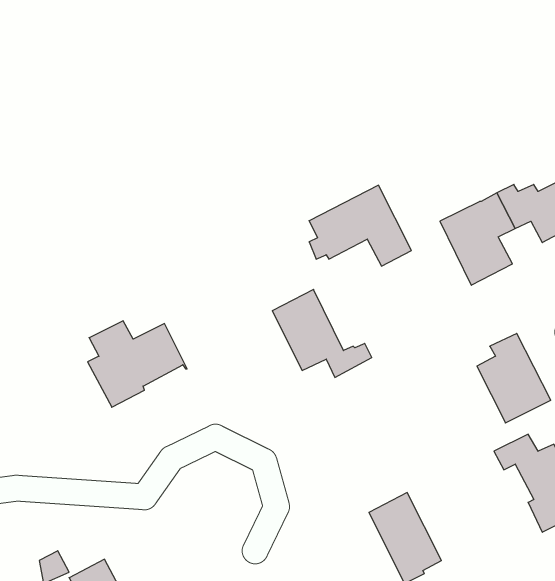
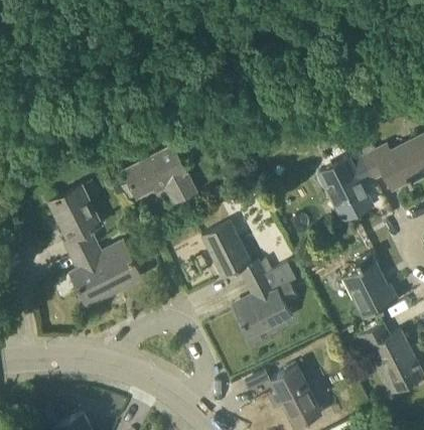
building: [309,185,411,266] -> [123,146,195,203]
building: none -> [49,186,101,256]
building: none -> [235,263,299,339]

